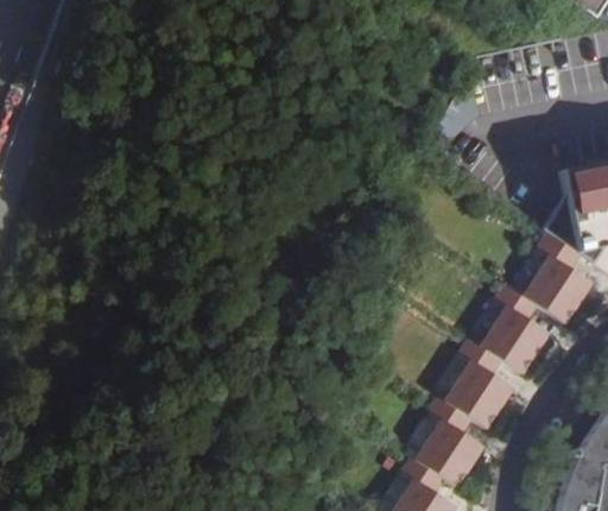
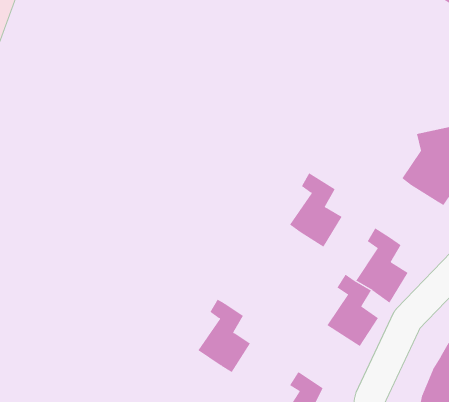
building: [525,232,589,322] -> [289,172,342,247]
building: [416,396,480,485] -> [198,299,251,373]

